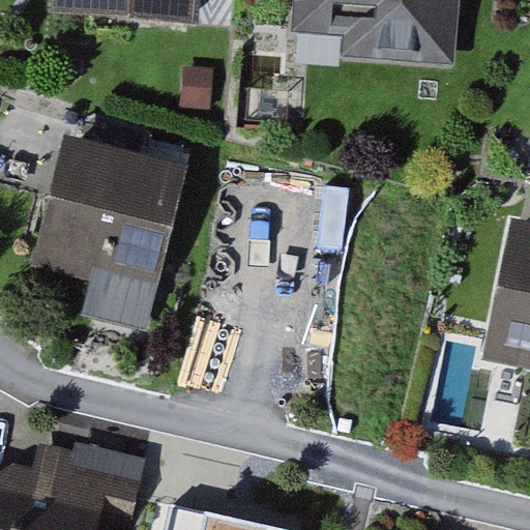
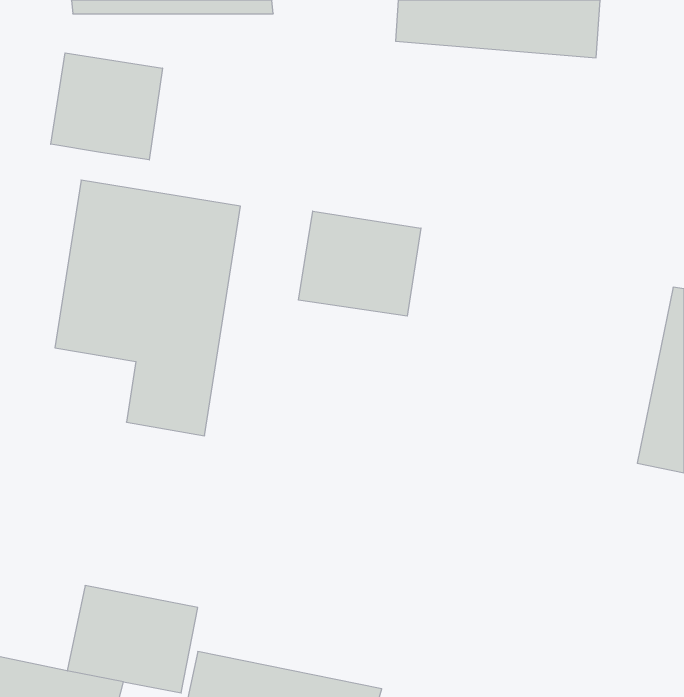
building: none -> [51,53,162,160]
building: none -> [299,211,421,316]

